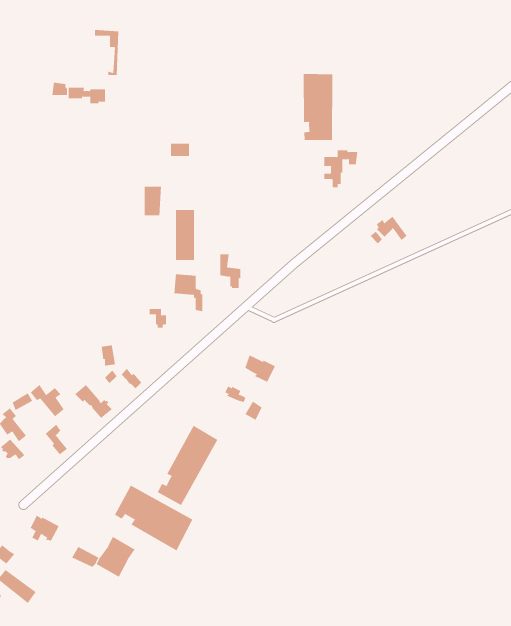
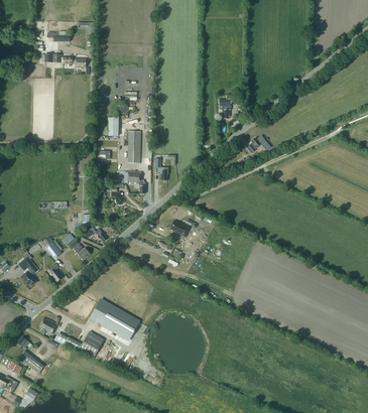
building: [303,73,333,141] -> none
building: [157,425,218,506] -> none

